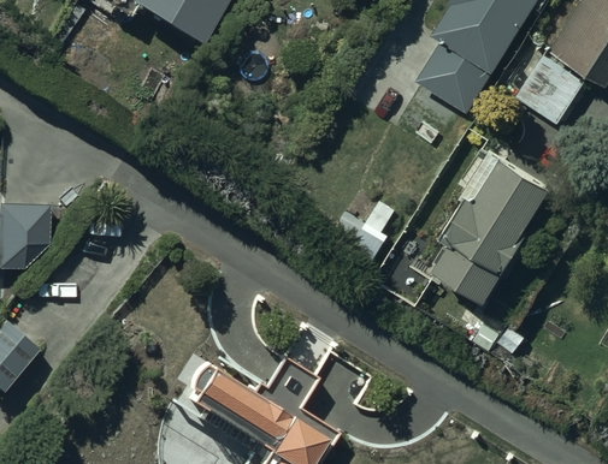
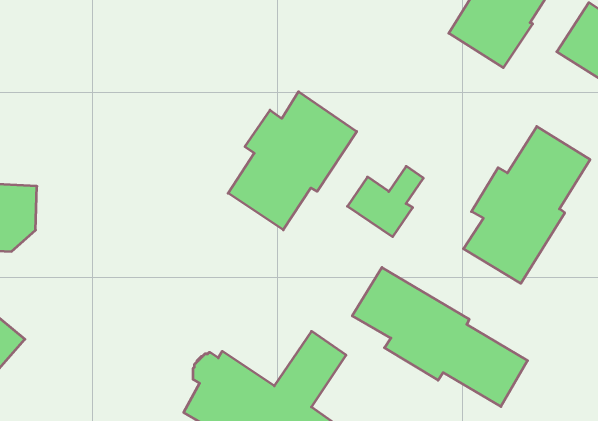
building: none -> [228,92,357,230]
building: none -> [352,267,528,407]

